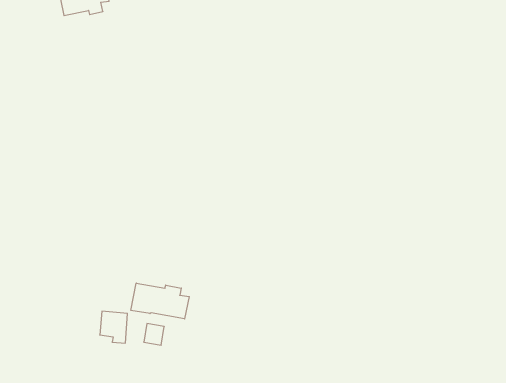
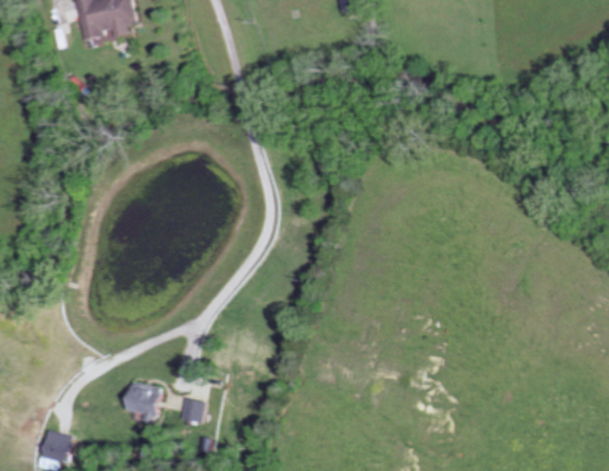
building: [131,283,189,319] -> none
building: none -> [41,429,70,460]

